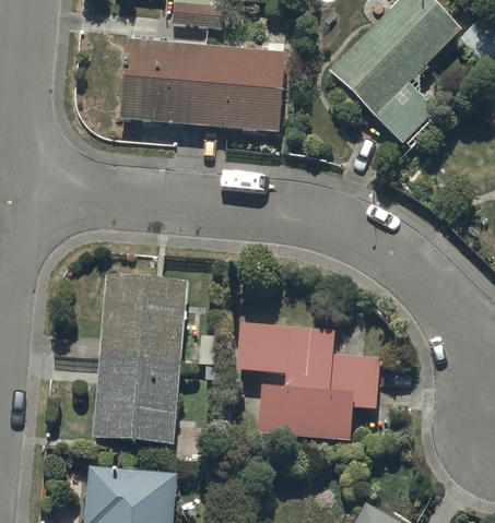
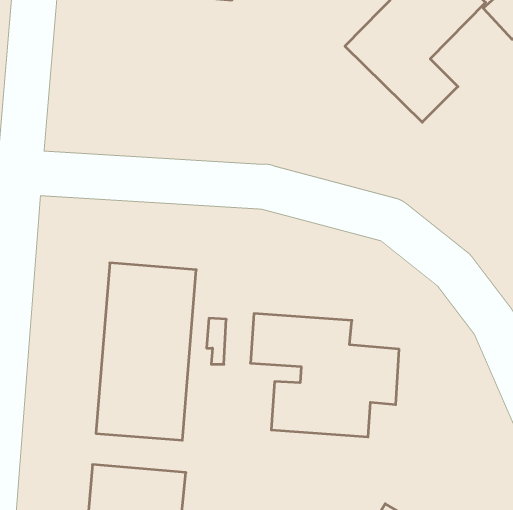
building: [121,38,286,131] -> none

